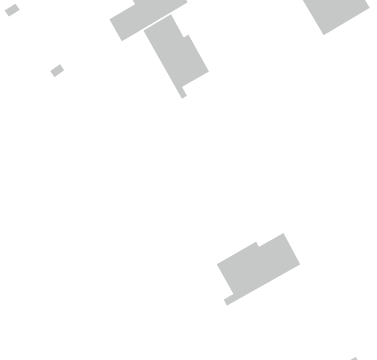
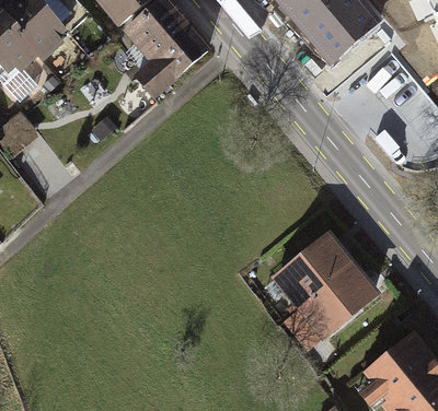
building: [143,13,210,100] -> none
building: none -> [290,266,372,338]

